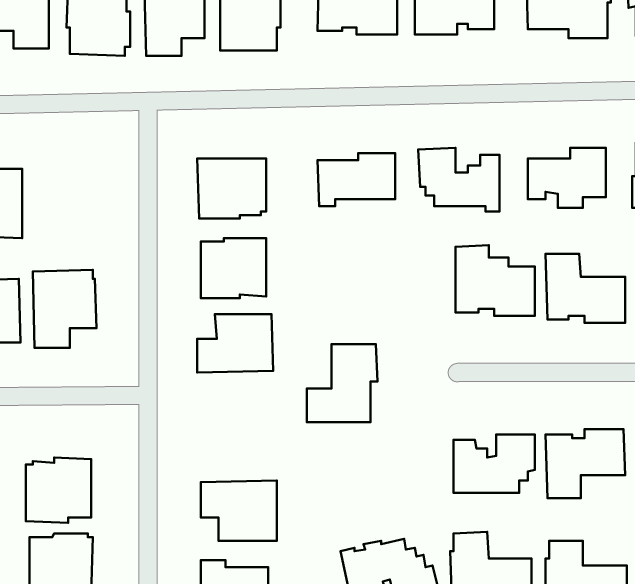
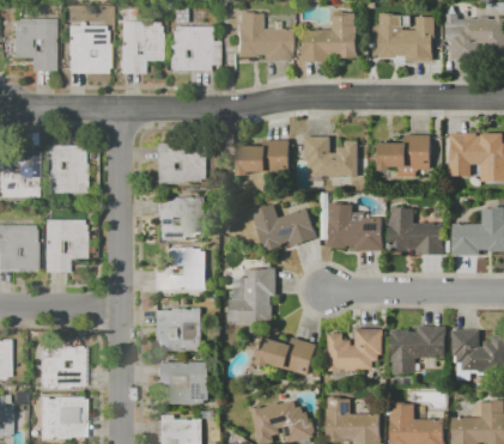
building: none -> [45,147,84,191]
building: none -> [251,205,318,253]
building: none -> [159,309,202,348]
building: none -> [257,337,318,377]

